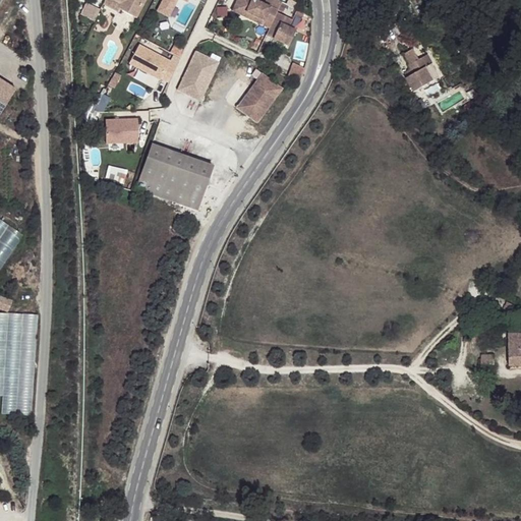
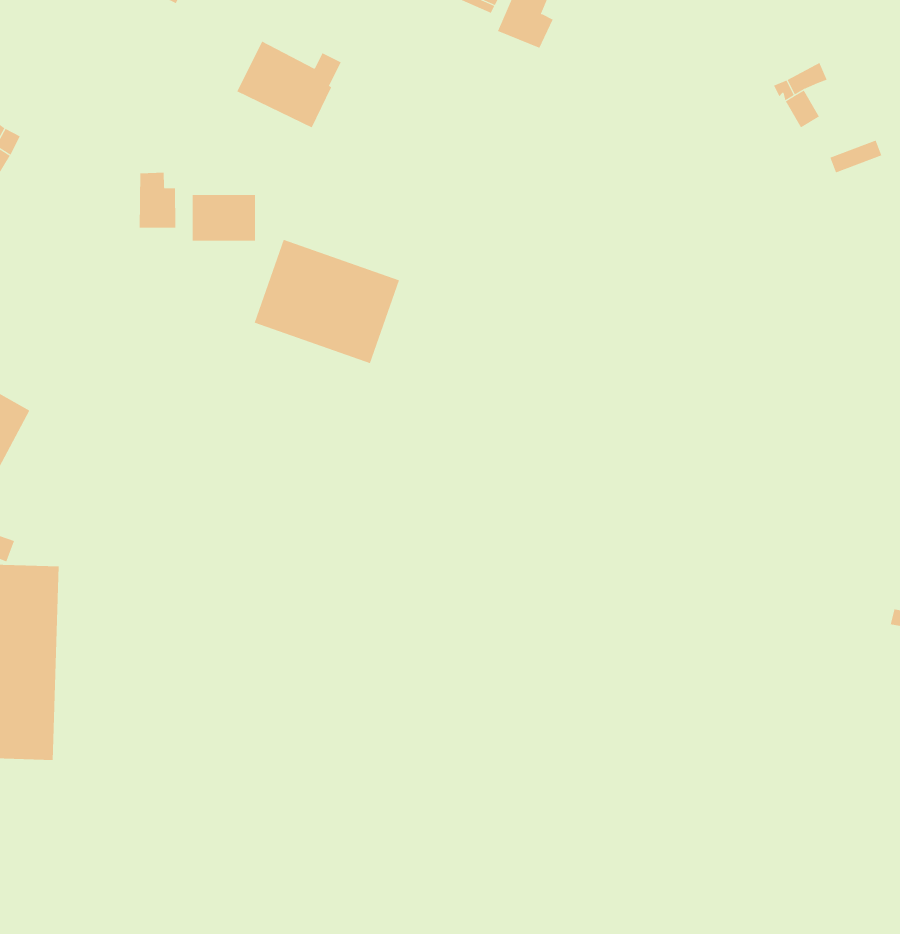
building: [176,50,217,100] -> none
building: [237,71,283,121] -> none
building: none -> [139,172,176,228]

